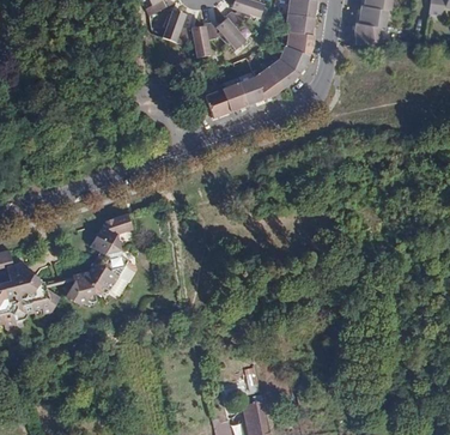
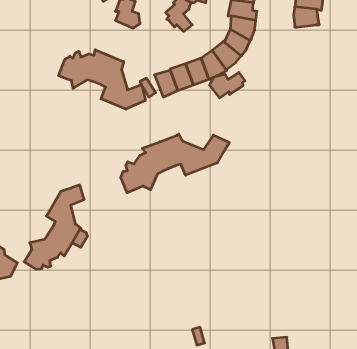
building: [189,22,220,56] -> none
building: none -> [59,50,145,109]
building: none -> [210,72,245,98]
building: none -> [121,134,229,193]

